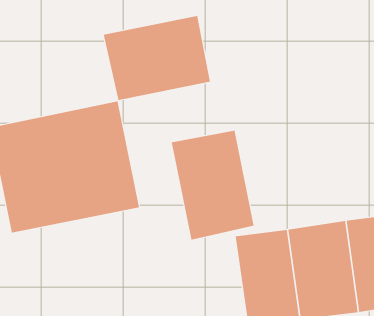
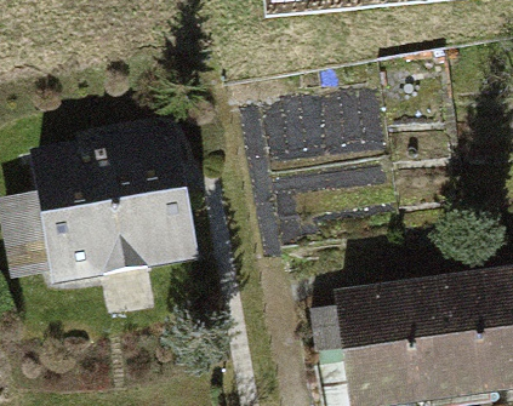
building: [103,15,210,101] -> none
building: [171,130,254,240] -> none

